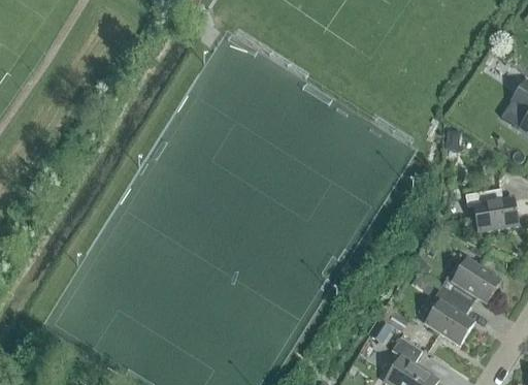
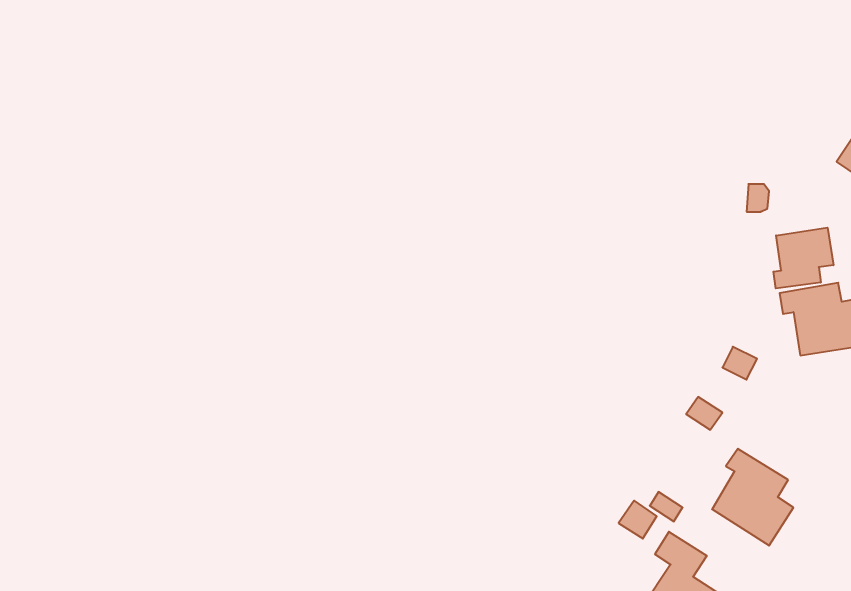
building: none -> [773,228,833,288]
building: [440,257,500,306] -> none

